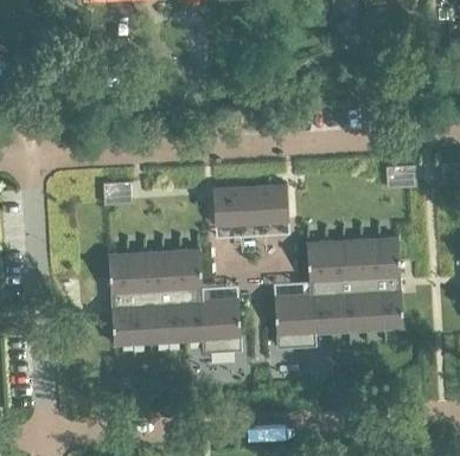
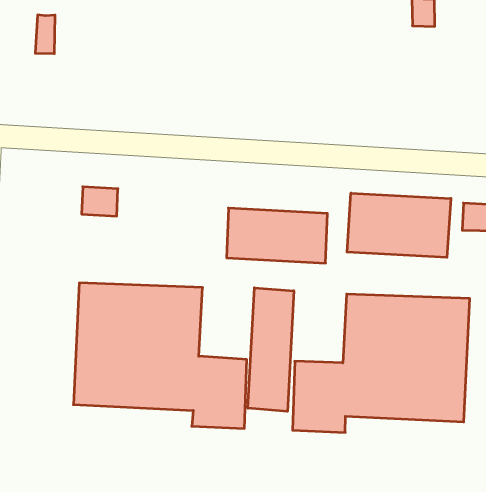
building: none -> [347,193,451,257]
building: none -> [248,288,294,411]

